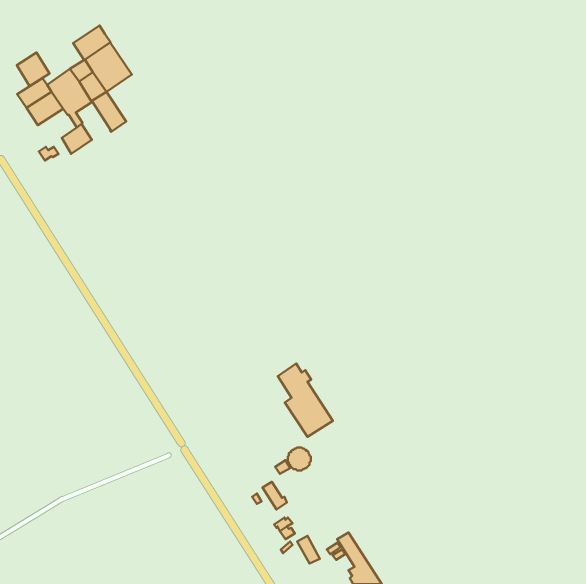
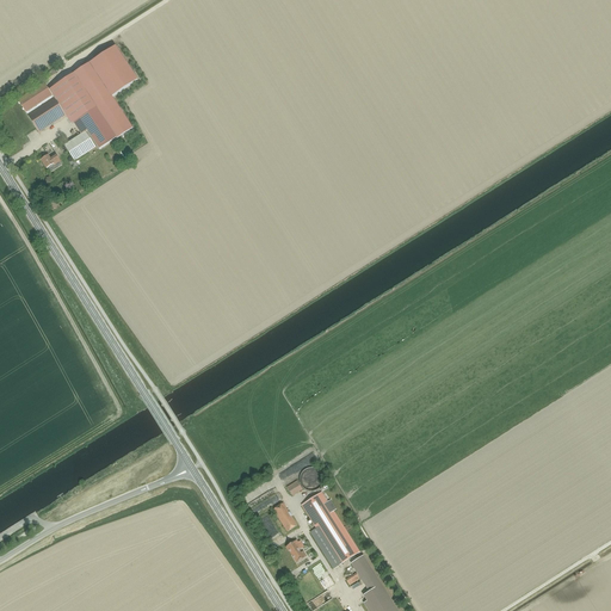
building: [73,25,110,60] -> none
building: [17,53,49,86] -> none
building: none -> [79,105,116,147]
building: [278,363,333,437] -> [302,490,359,567]

